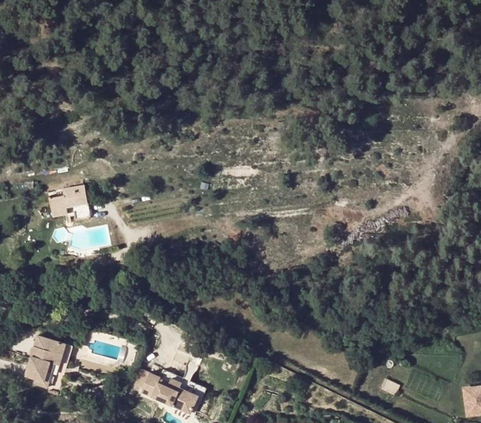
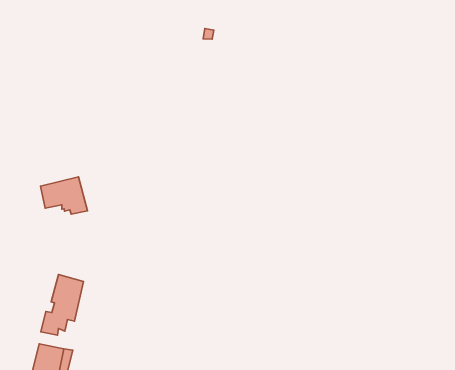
building: none -> [41,275,84,335]

